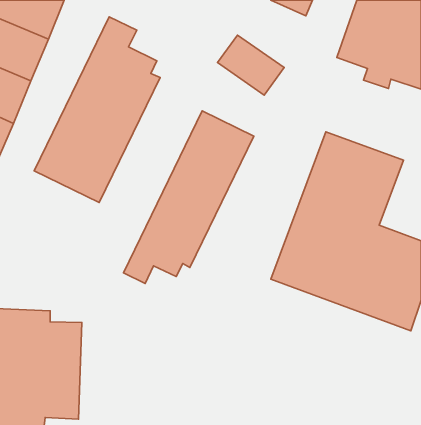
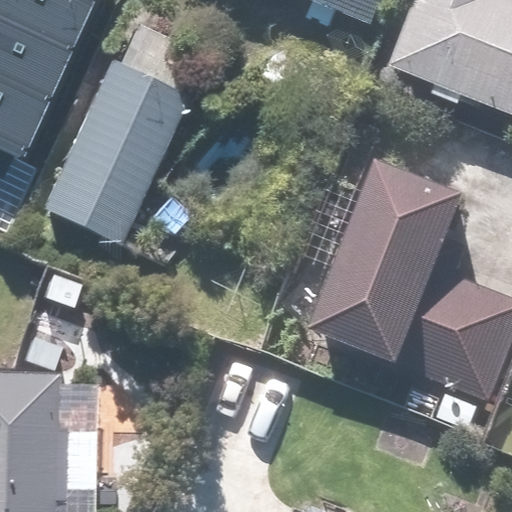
building: [123,111,254,284] -> none

